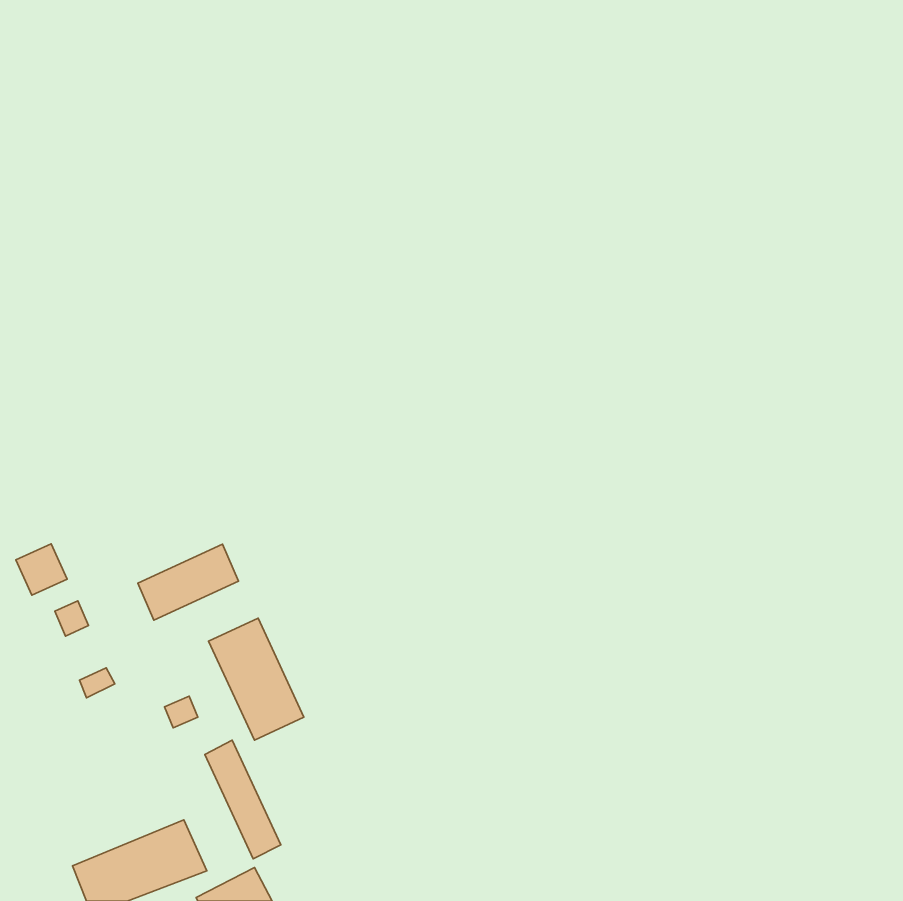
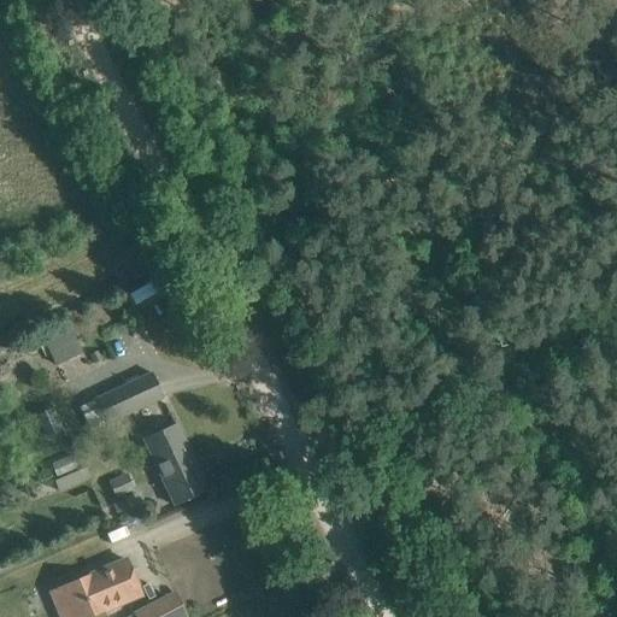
building: [16,544,67,595] -> [46,328,81,363]
building: [205,740,281,859] -> none

